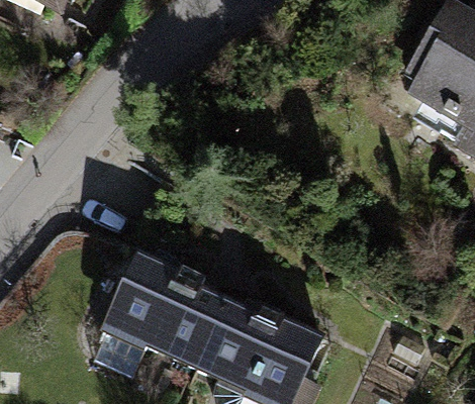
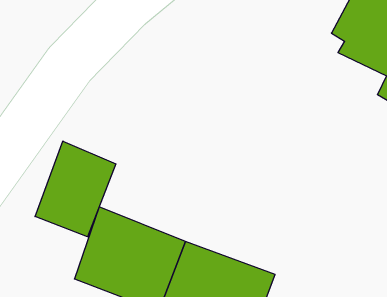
building: none -> [35,141,116,237]

